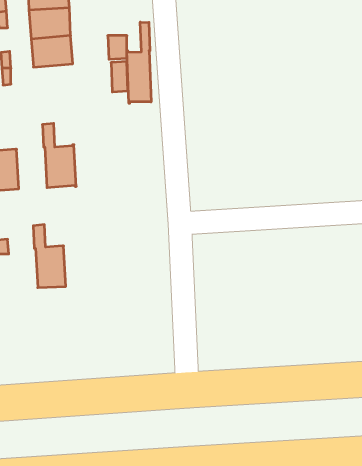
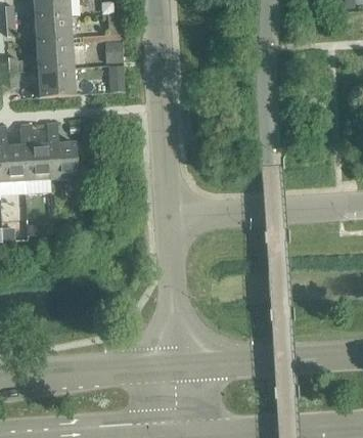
building: [127,22,151,103] -> none
building: none -> [38,67,76,96]
building: [33,225,66,288] -> [20,123,50,180]

